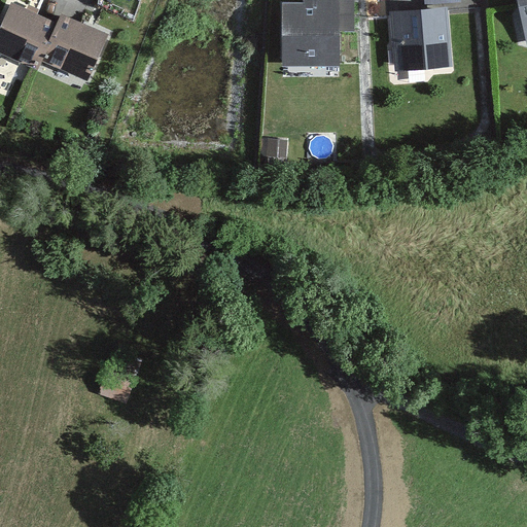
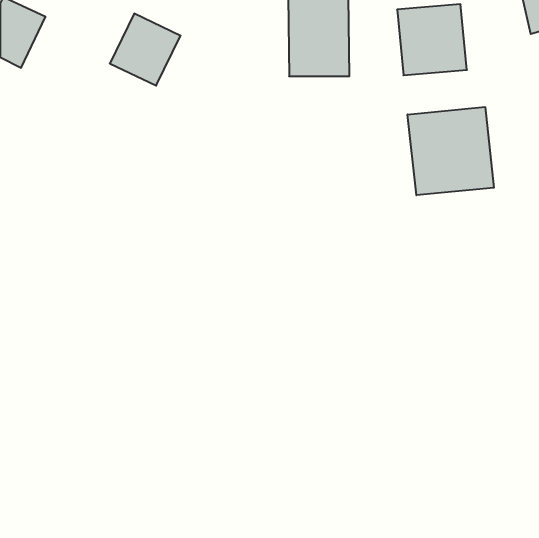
building: [36,11,105,81] -> [110,14,181,86]
building: none -> [408,107,494,195]

